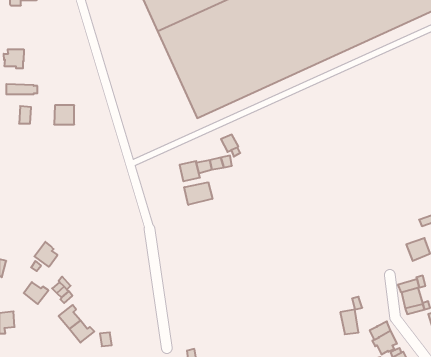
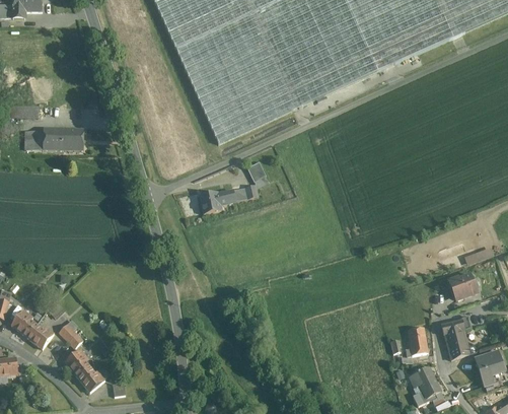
building: [4,49,24,68] -> none
building: none -> [34,127,62,149]
building: [184,182,212,205] -> none
building: [34,242,57,266] -> [11,308,37,336]
building: [340,310,359,334] -> [408,328,428,355]

